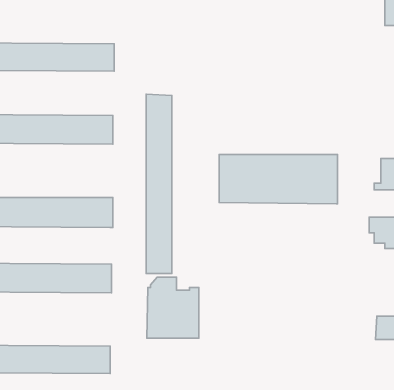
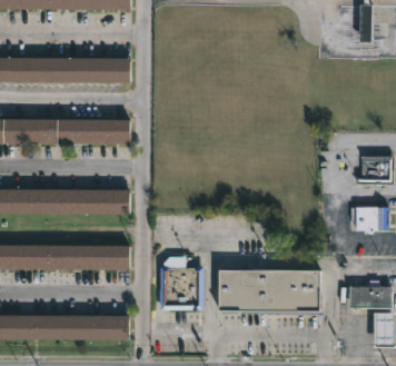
building: [146,94,172,274] -> none
building: [219,154,338,204] -> [218,269,319,311]

